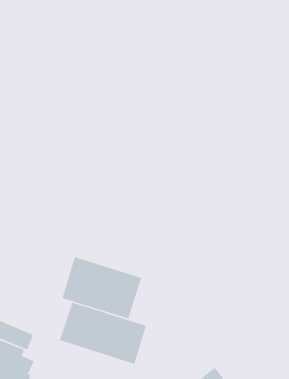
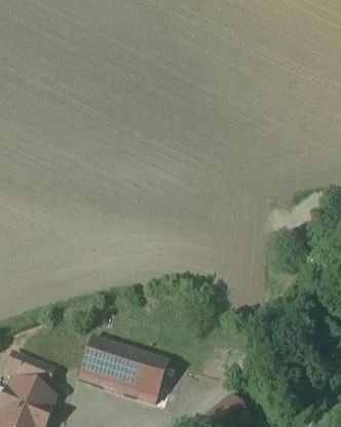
building: [61,256,142,319] -> none

